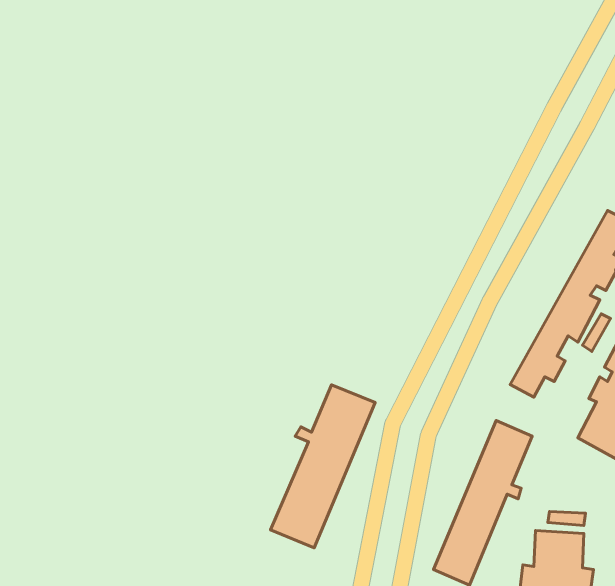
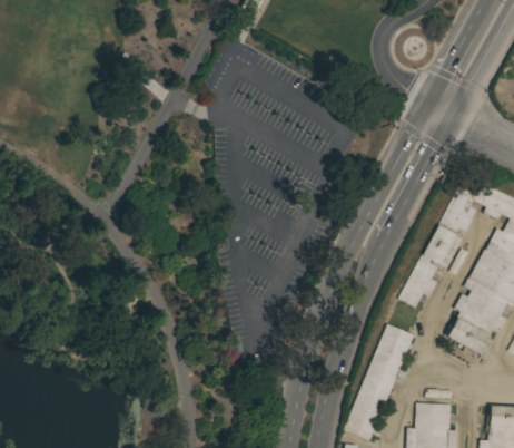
building: [270,385,375,548] -> none

